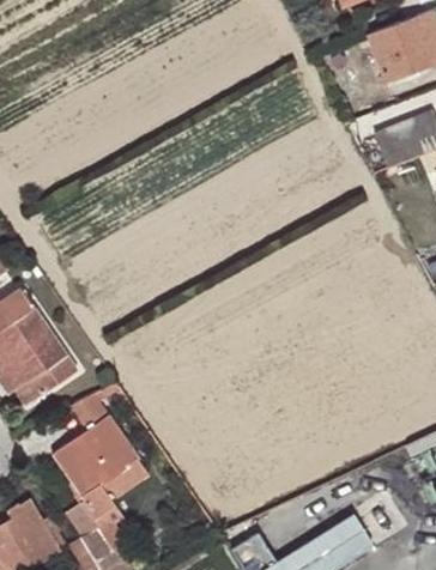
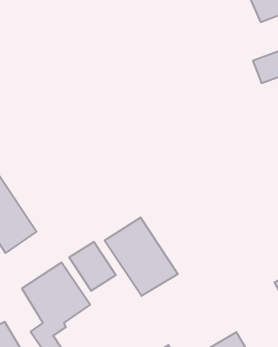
building: none -> [105,217,178,296]
building: none -> [69,242,116,291]

